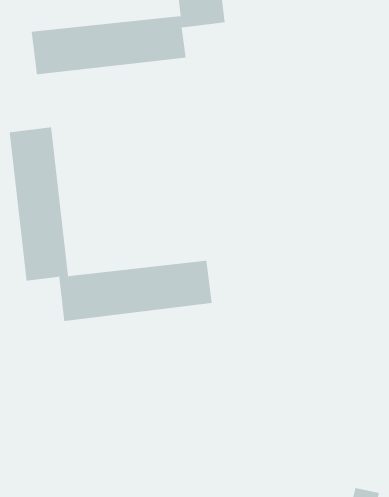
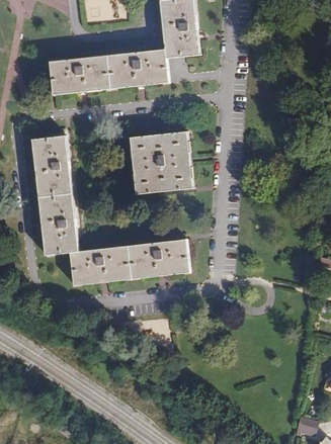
building: none -> [130,131,192,194]

